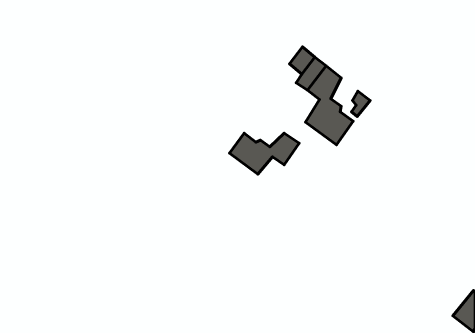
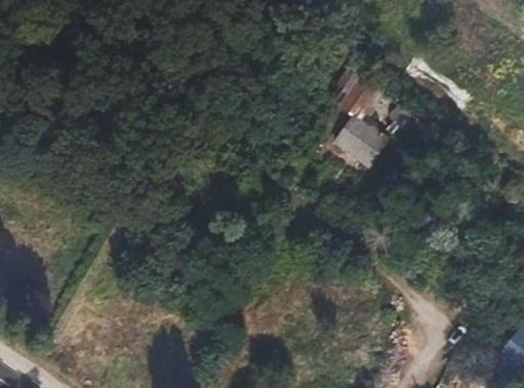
building: [229,133,299,174] -> none

